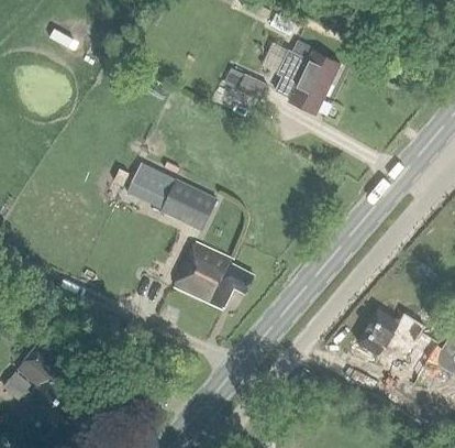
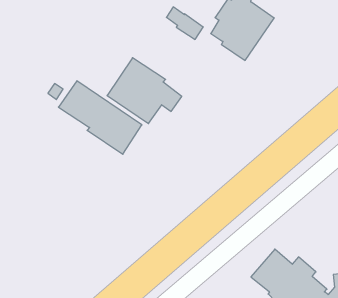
building: [174,242,253,309] -> [107,58,182,124]

